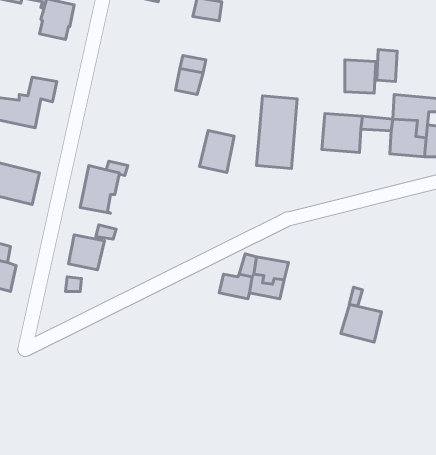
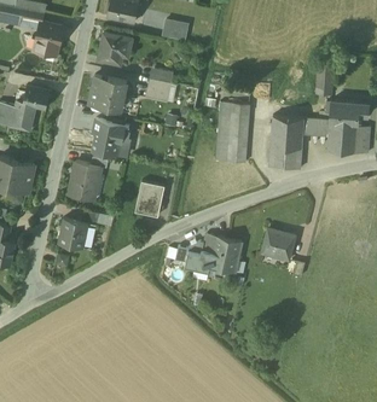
building: none -> [99,31,132,64]
building: [345,60,376,93] -> none
building: none -> [89,74,127,109]
building: none -> [92,118,126,153]
building: [199,130,234,172] -> [135,180,164,215]
building: none -> [269,146,302,168]
building: [341,305,381,342] -> [261,228,295,260]

